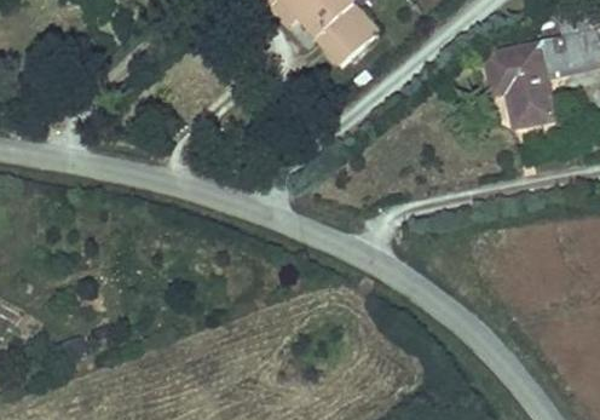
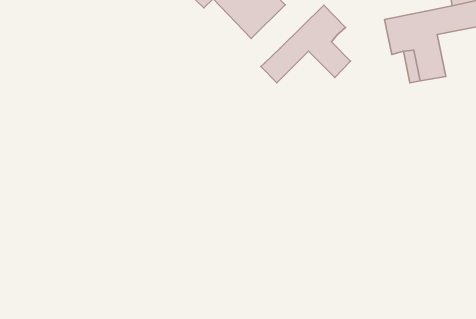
building: none -> [261,5,350,83]

